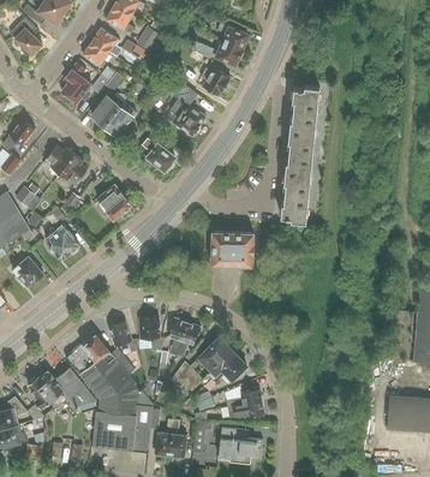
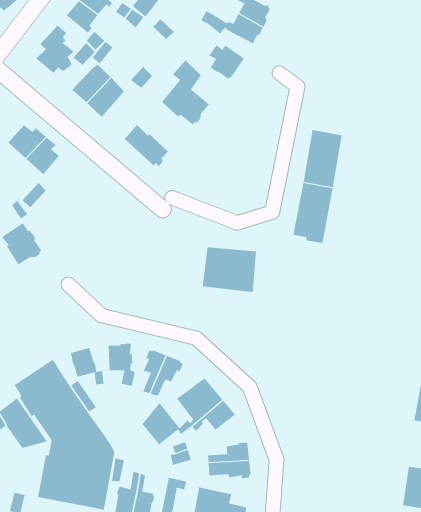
building: [289,85,319,132] -> none
building: [97,184,131,219] -> none

